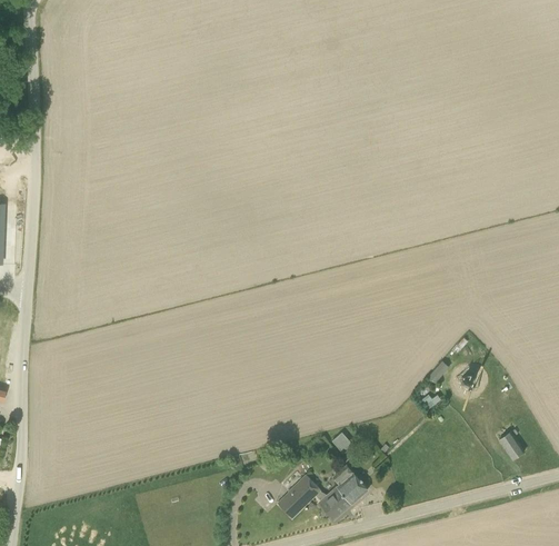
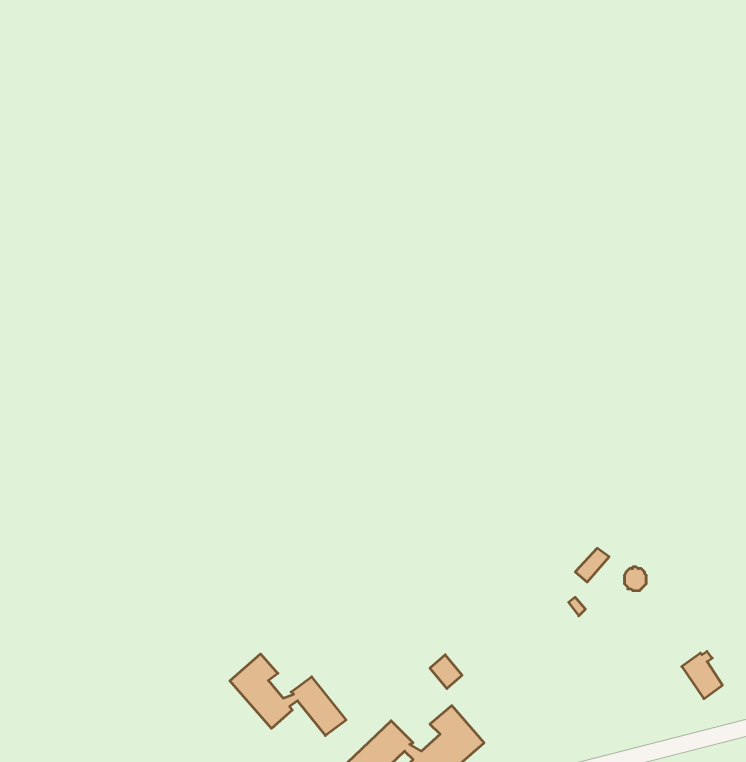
building: none -> [230,654,346,736]

